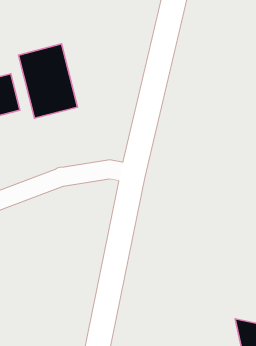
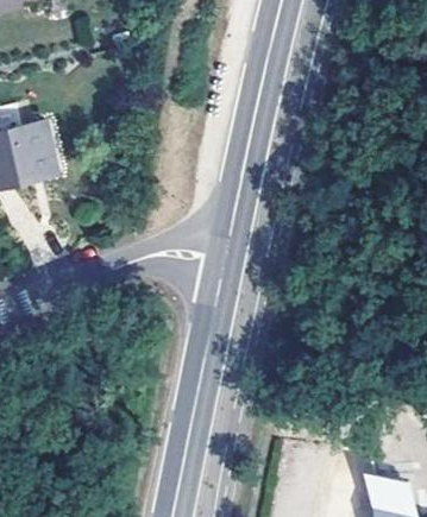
building: [18,44,78,118] -> none

